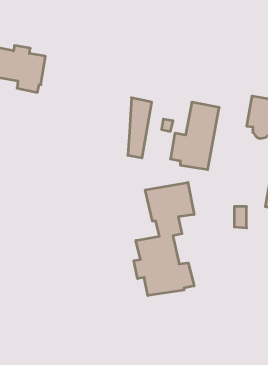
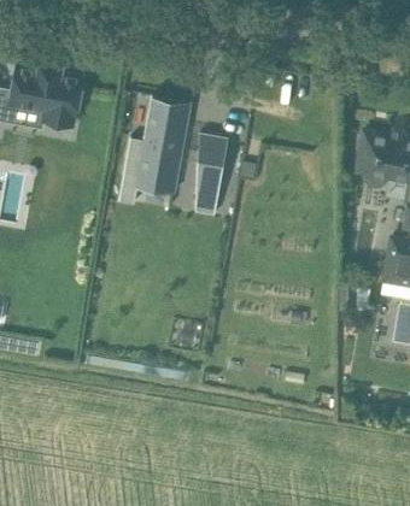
building: [170,102,219,170] -> [123,99,189,190]
building: [134,182,194,296] -> none

